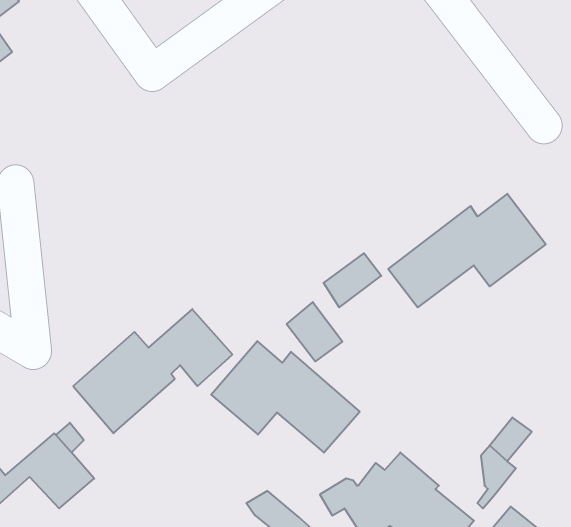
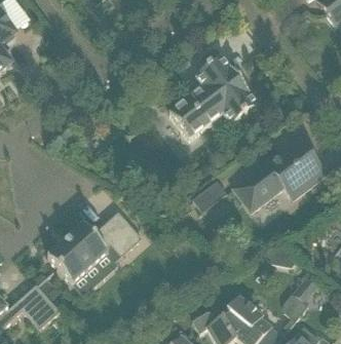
building: none -> [168,54,257,138]
building: [287,302,342,361] -> none
building: [211,341,360,453] -> none

